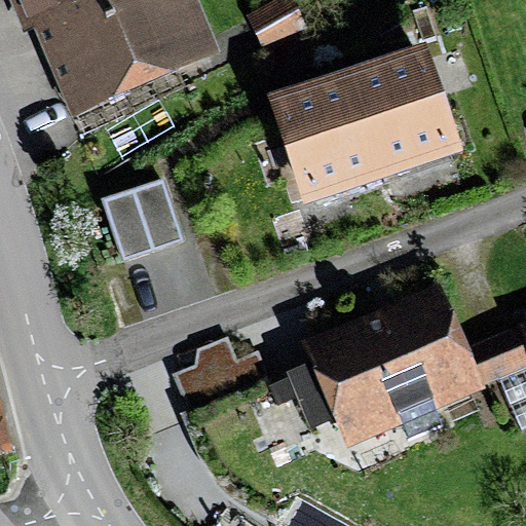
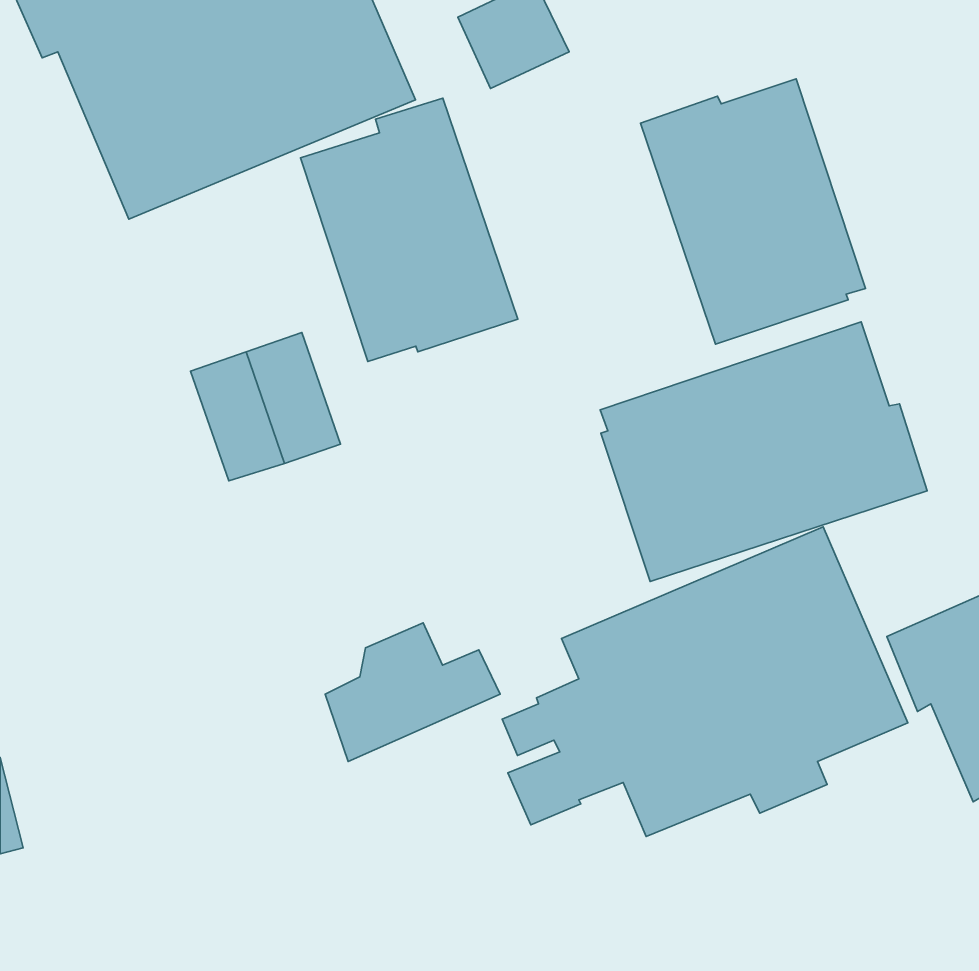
building: [268,66,384,206] -> [301,98,518,362]
building: none -> [600,322,927,582]

